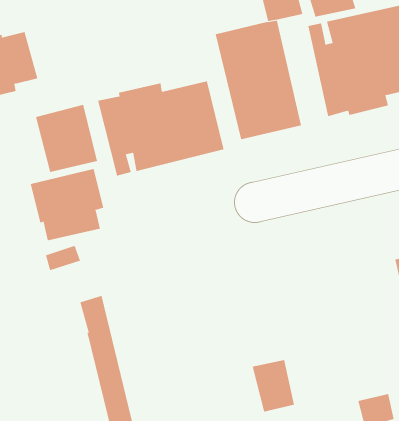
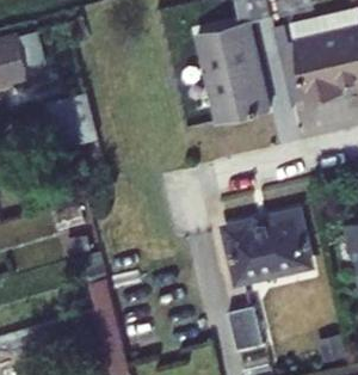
building: [97,80,224,176] -> none
building: [30,168,104,241] -> none
building: none -> [224,215,307,288]

